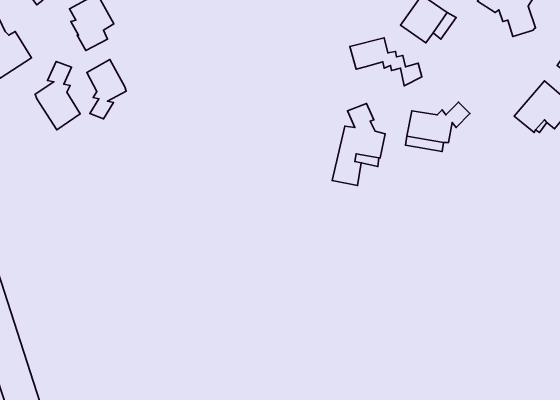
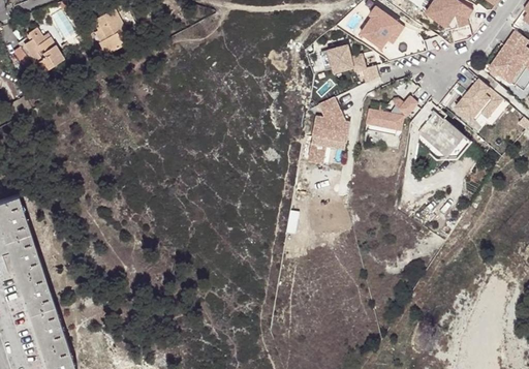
building: [87,59,126,119] -> none
building: [35,62,80,130] -> none
building: none -> [411,107,470,161]

